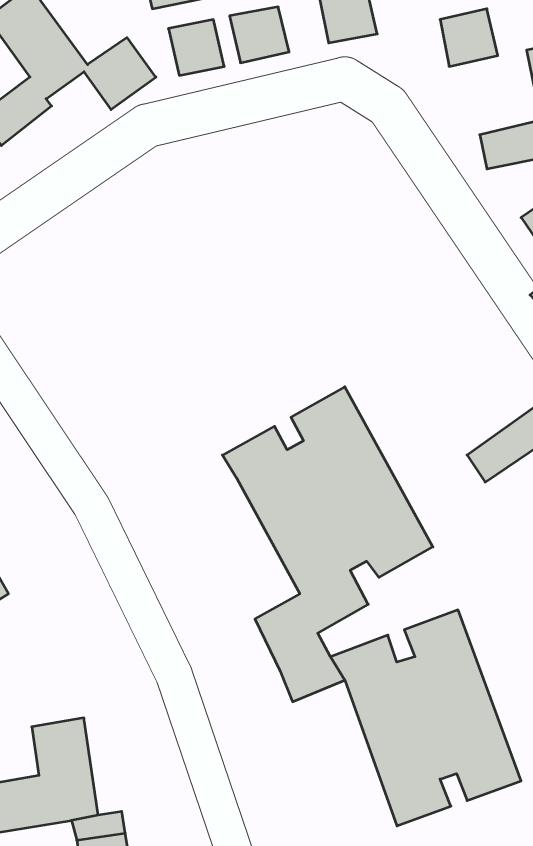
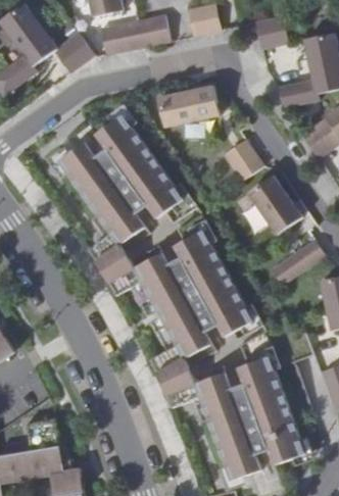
building: none -> [159,86,221,127]
building: none -> [59,119,183,296]
building: none -> [224,139,264,181]
building: none -> [249,175,302,235]

